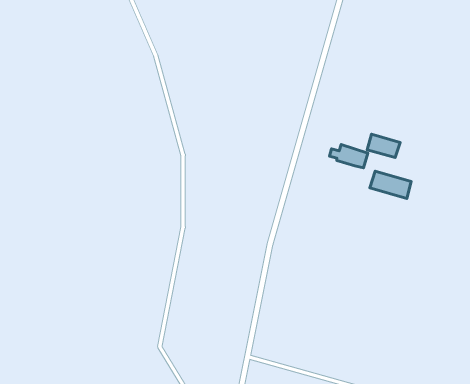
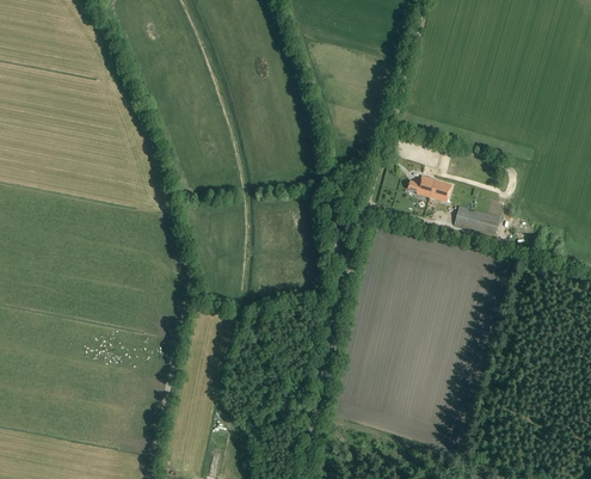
building: [367,134,400,158] -> none

